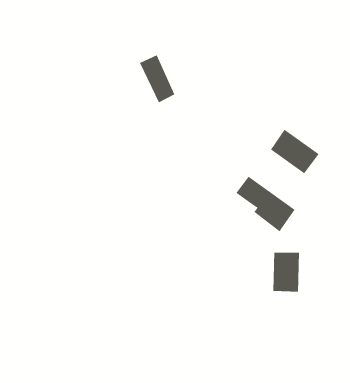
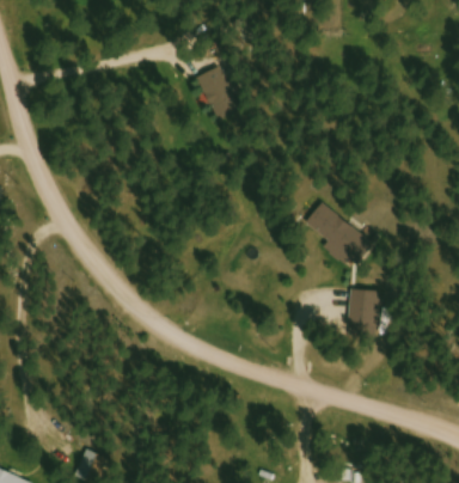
building: [270,129,319,174] -> none

